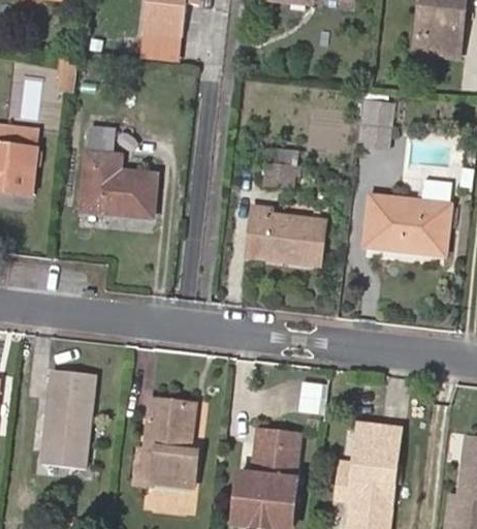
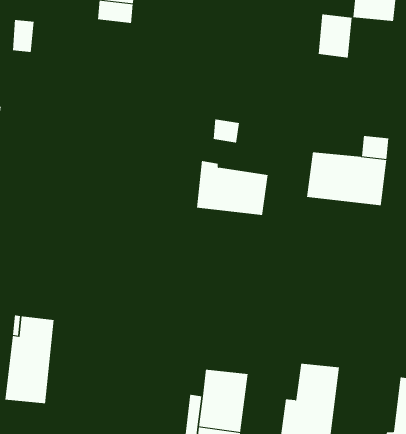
building: [356,100,393,148] -> [318,14,353,58]
building: [78,134,156,217] -> none
building: [147,400,197,486] -> none

